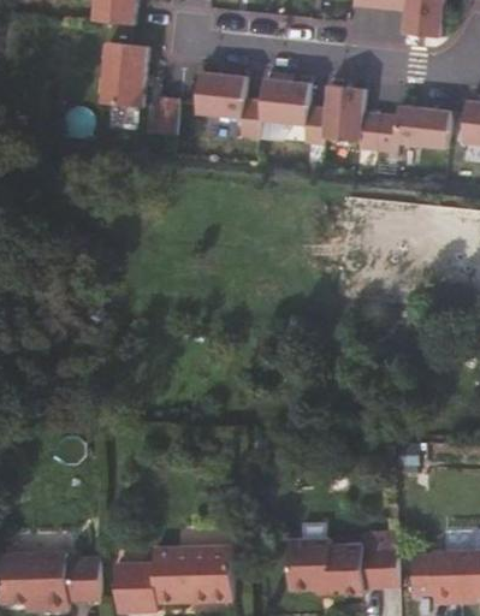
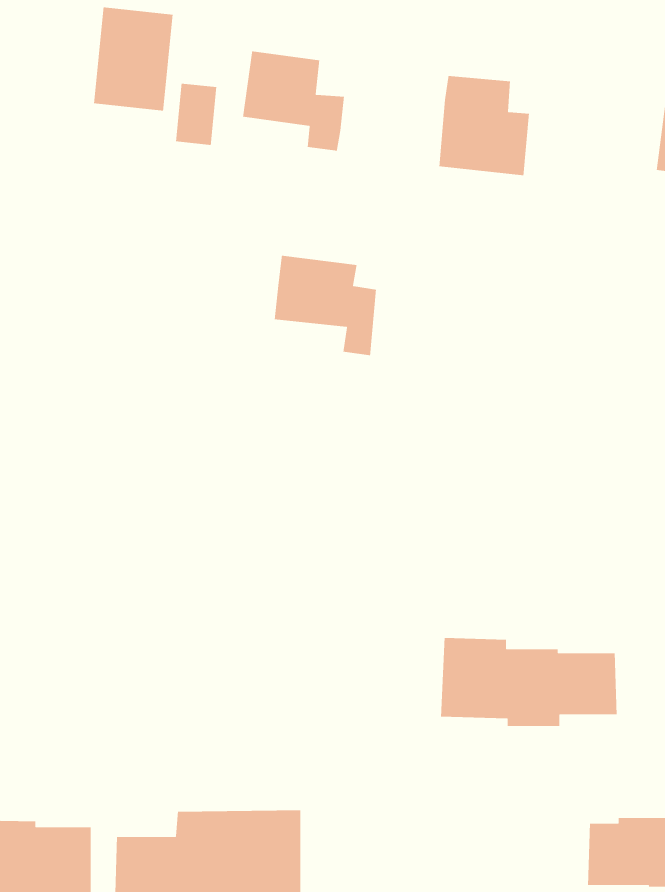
building: [256,79,321,143] -> [274,255,377,356]
building: [372,103,450,158] -> none
building: [285,538,397,594] -> [440,637,617,727]

